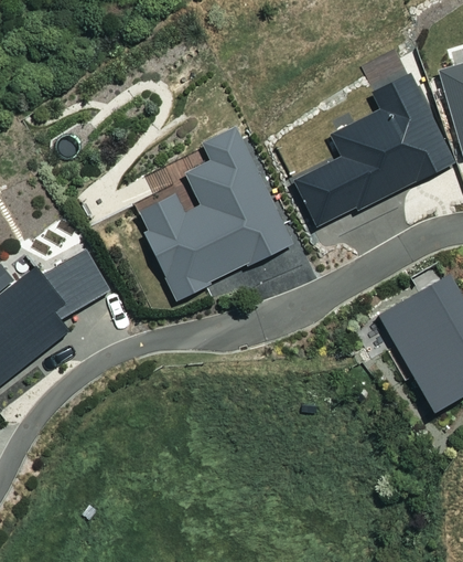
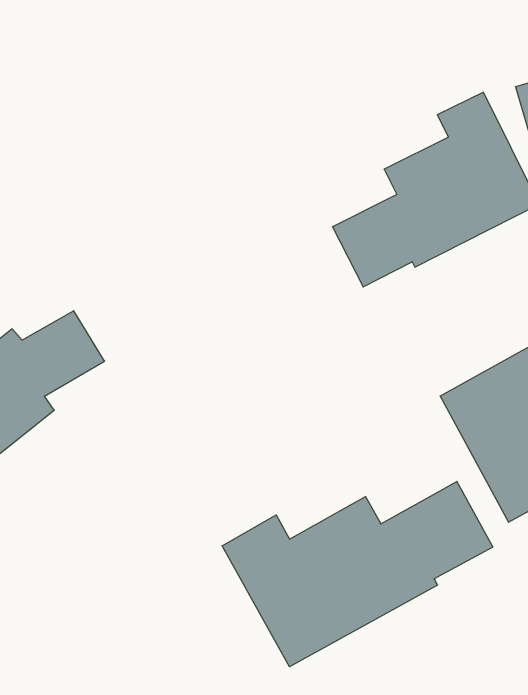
building: [138,126,293,301] -> none
building: none -> [222,481,493,667]

